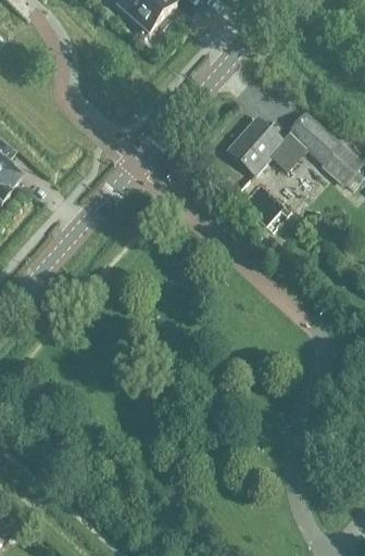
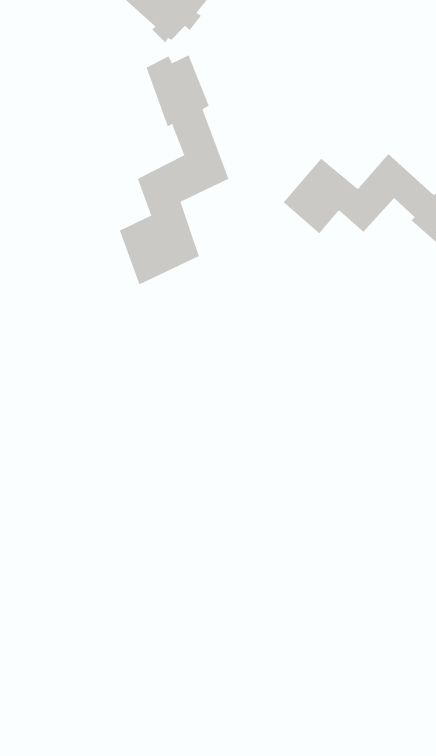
building: none -> [119,55,229,285]

